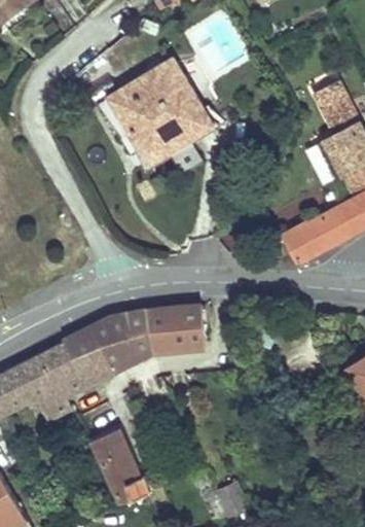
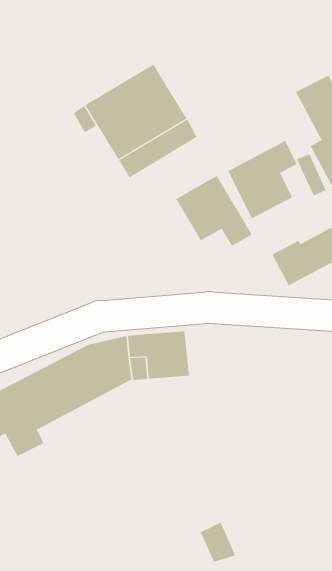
building: none -> [227,140,297,219]
building: none -> [176,175,253,247]
building: [92,430,149,502] -> none

